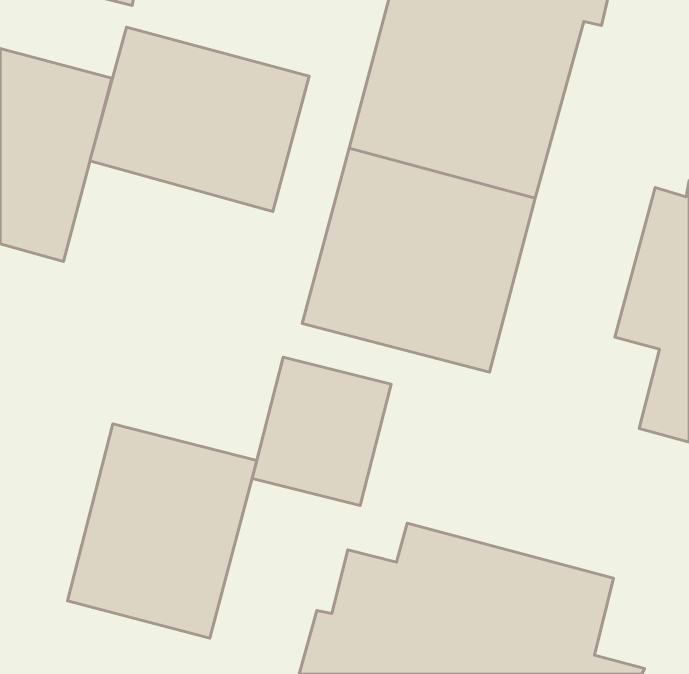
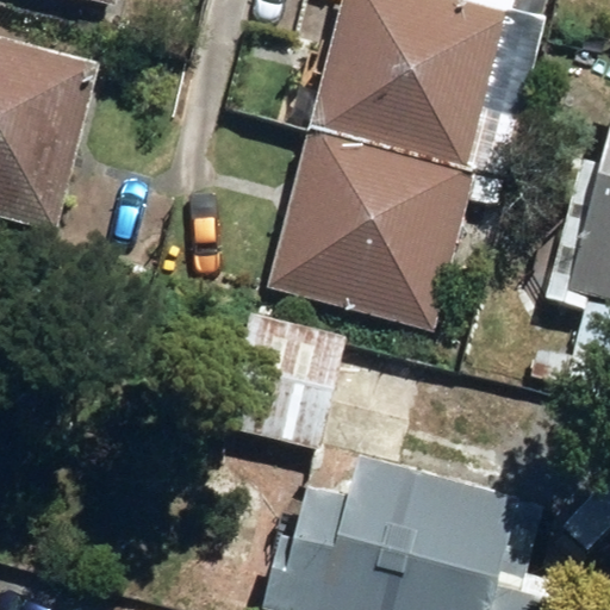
building: [90,27,309,211] -> none
building: [67,424,257,638] -> none

